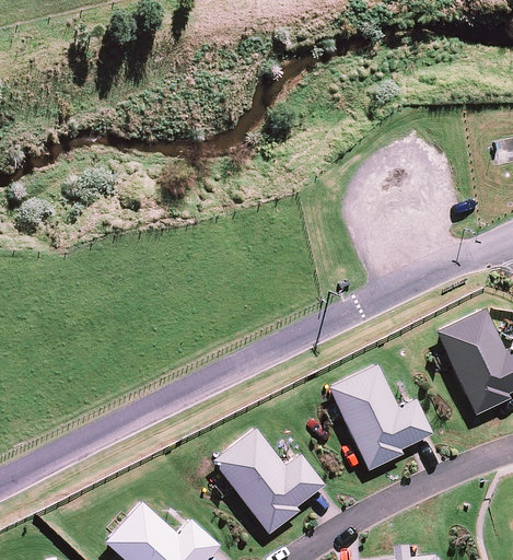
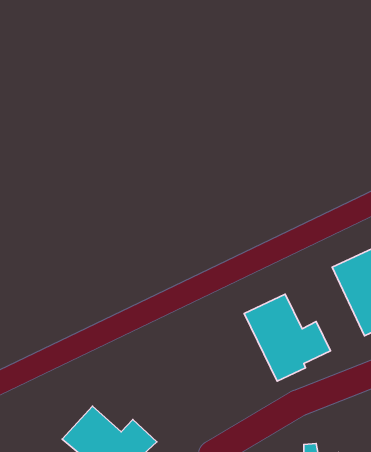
building: [213,428,326,535] -> none

